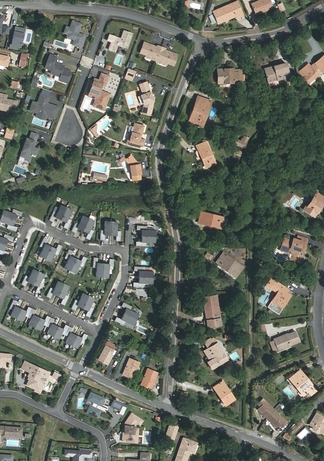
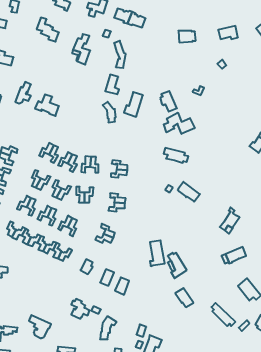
building: [29,92,58,118] -> [35,94,59,116]
building: [188,97,211,127] -> [124,92,143,117]
building: none -> [164,113,195,134]
building: [281,238,306,262] -> none
building: [203,296,221,327] -> [150,240,165,266]
building: [22,363,49,391] -> [29,315,51,338]

